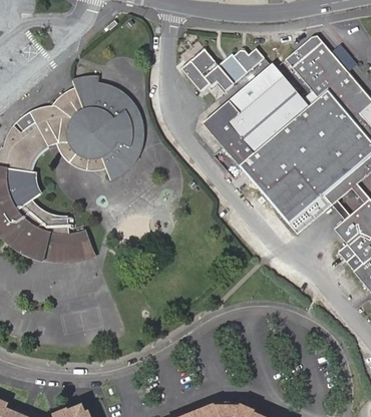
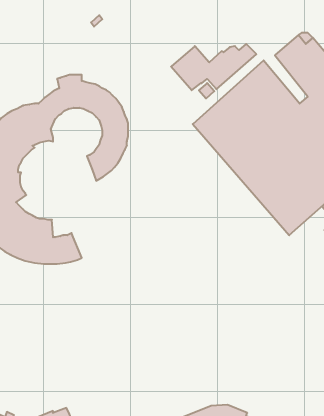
building: [55,110,116,172] -> none

